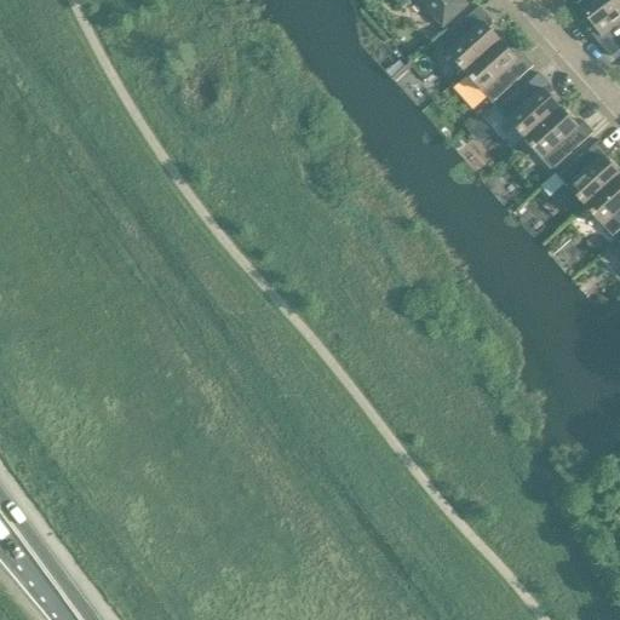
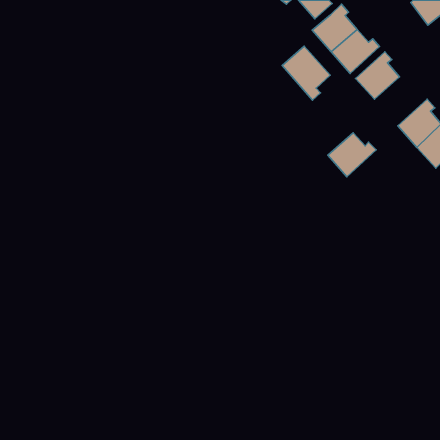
building: none -> [282,46,330,100]
building: [527,109,595,171] -> [328,133,376,177]

